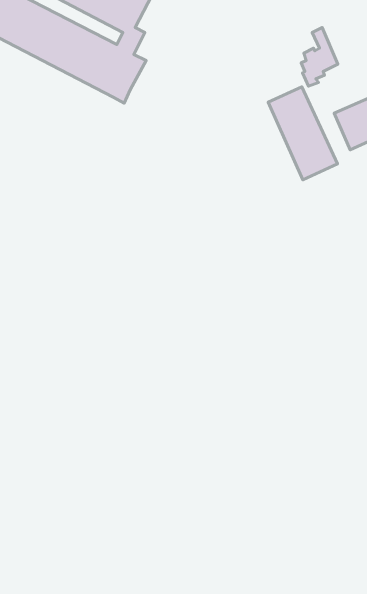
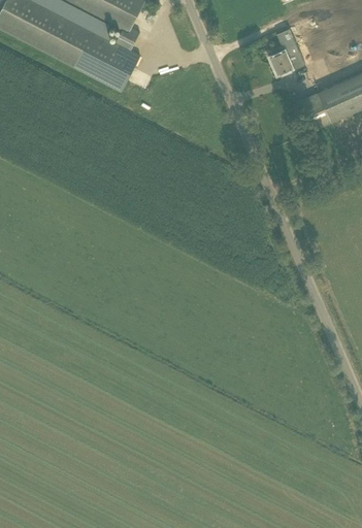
building: [268,87,337,180] -> none

